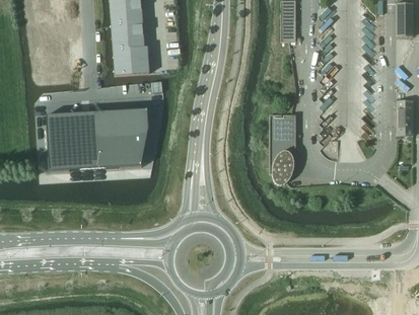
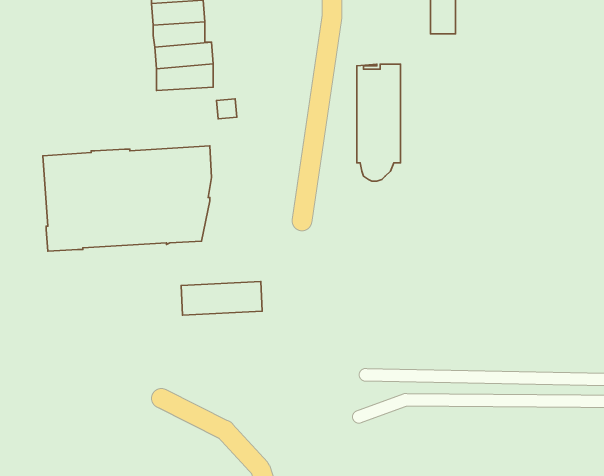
building: [270,113,296,184] -> [357,64,400,181]
building: none -> [181,282,262,315]

